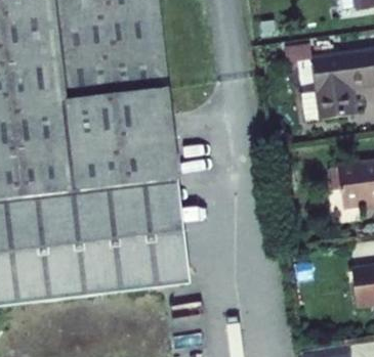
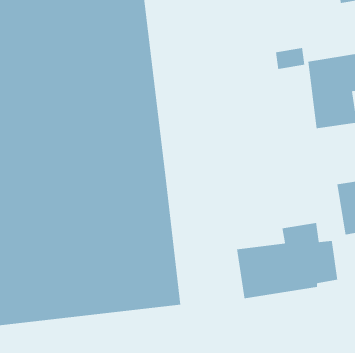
building: none -> [236,222,338,299]

